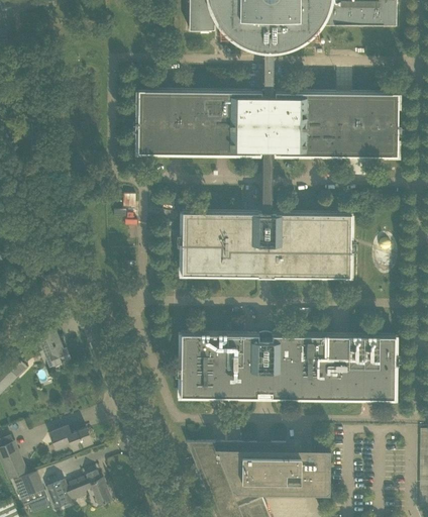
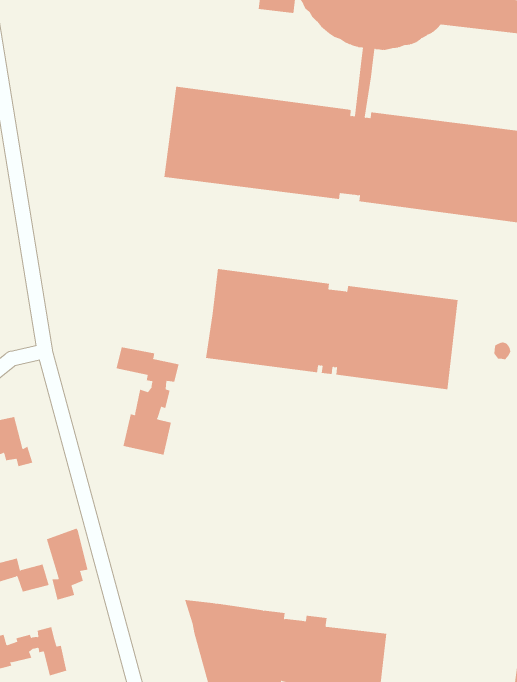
building: none -> [116,346,179,456]
building: [182,335,397,401] -> none
building: none -> [46,528,88,601]

